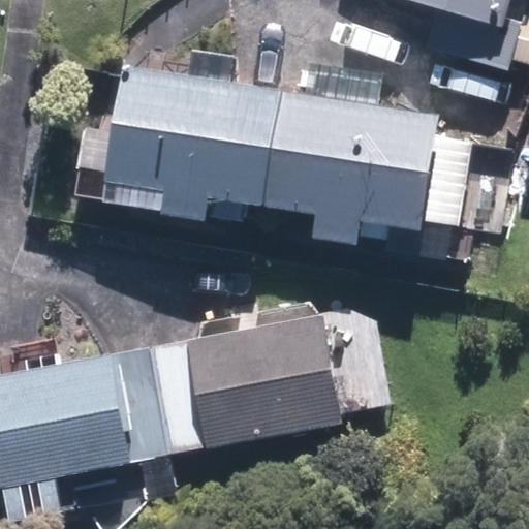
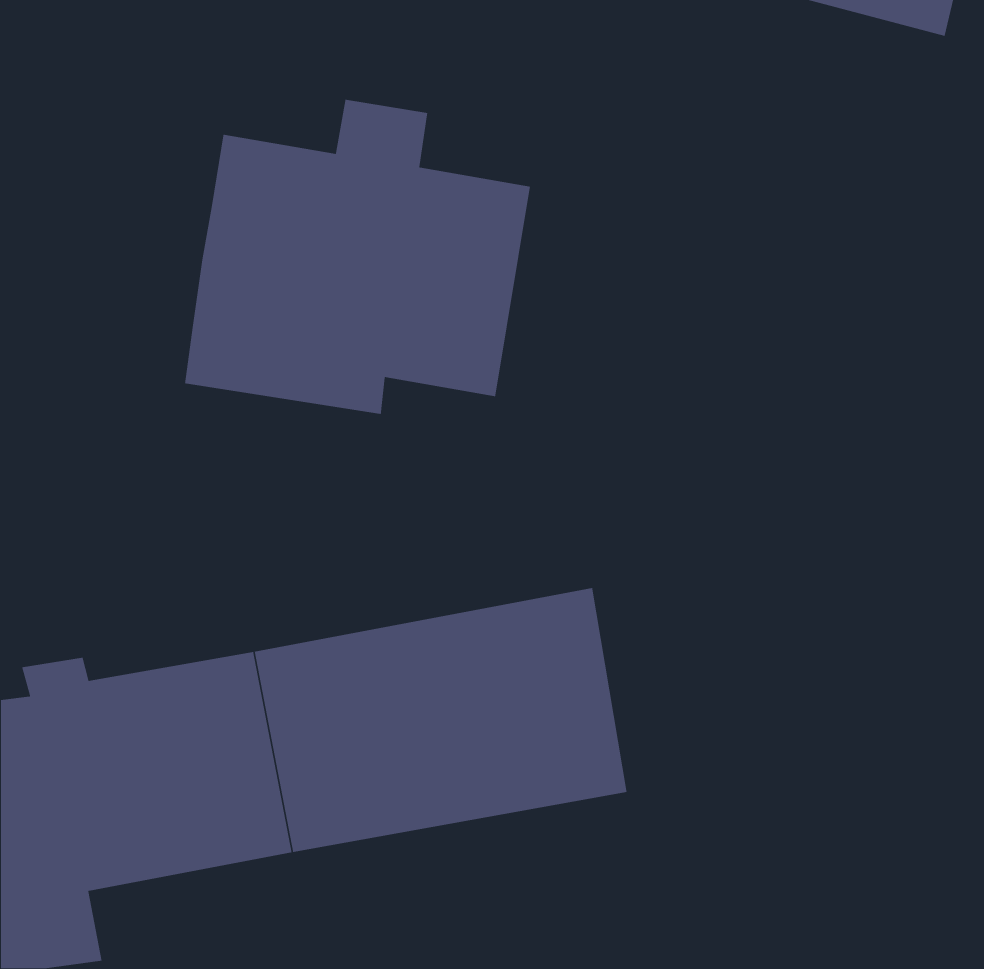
building: [268,99,462,245] -> none

